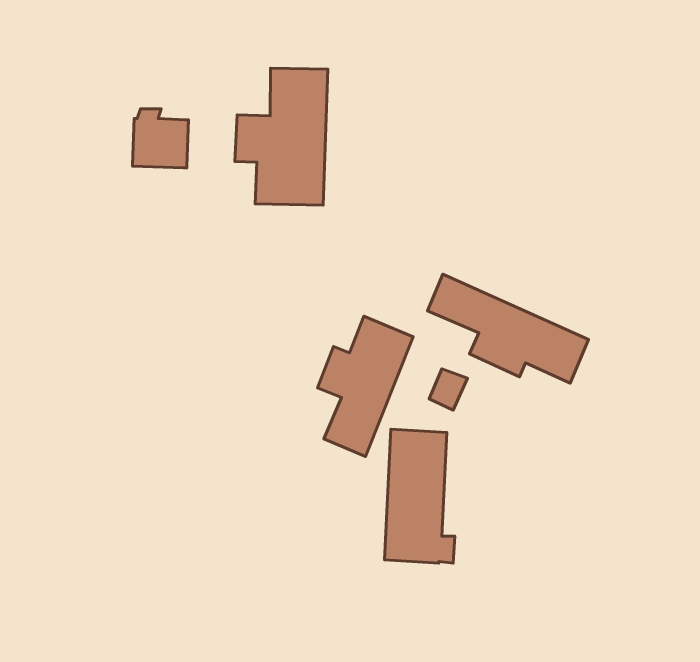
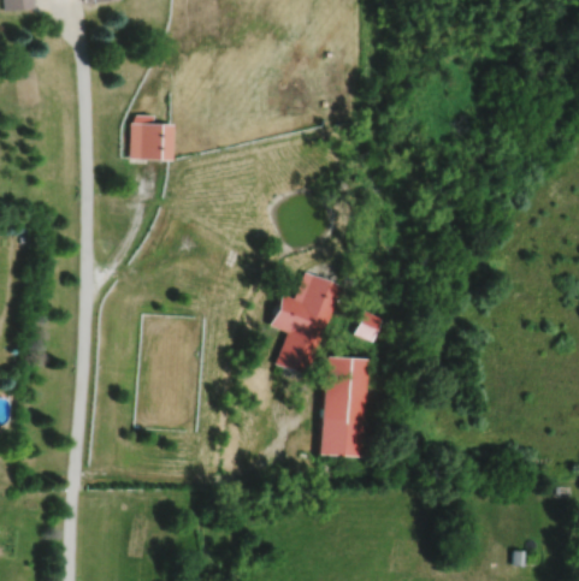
building: [235,68,328,205] -> none
building: [428,274,588,383] -> none

